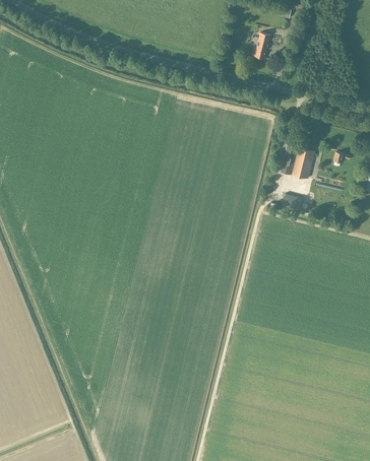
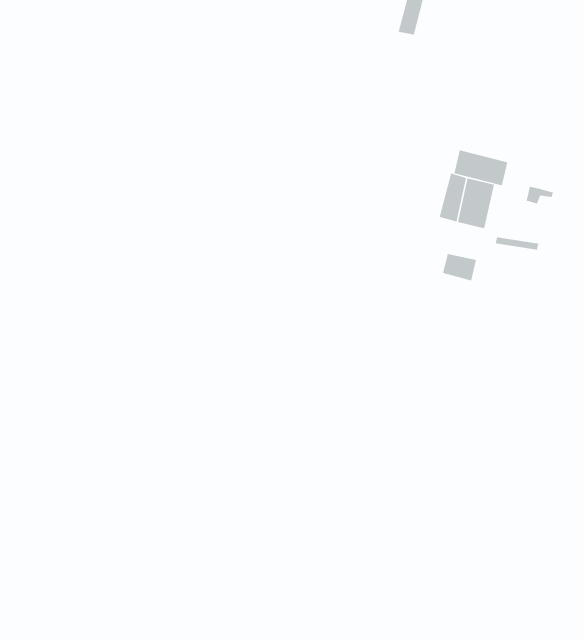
building: none -> [454,149,508,186]

